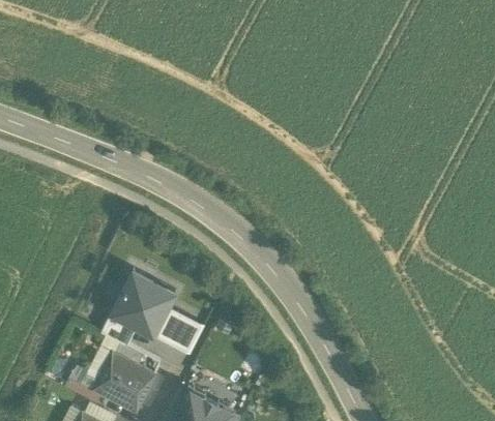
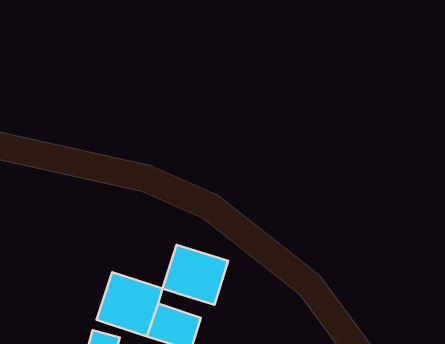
building: none -> [163,245,228,305]

